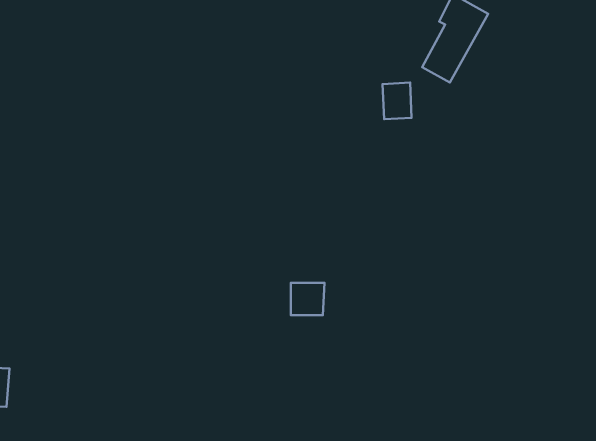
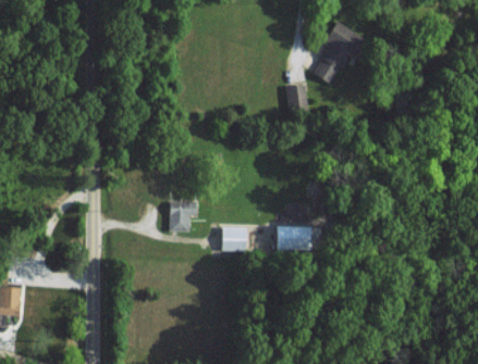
building: none -> [169,201,196,231]
building: none -> [277,226,312,251]

